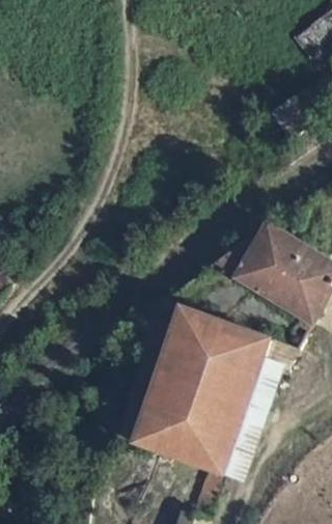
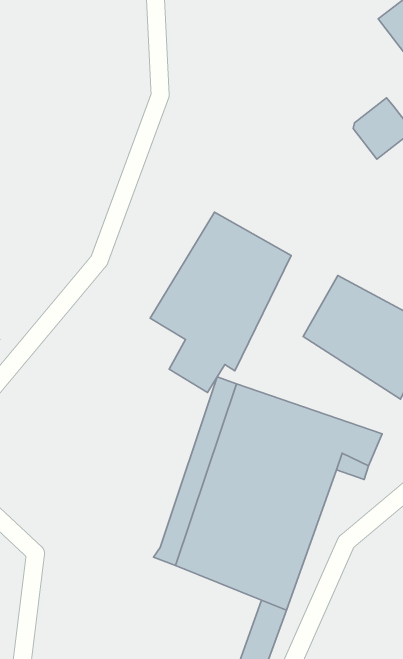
building: none -> [150,212,291,393]

